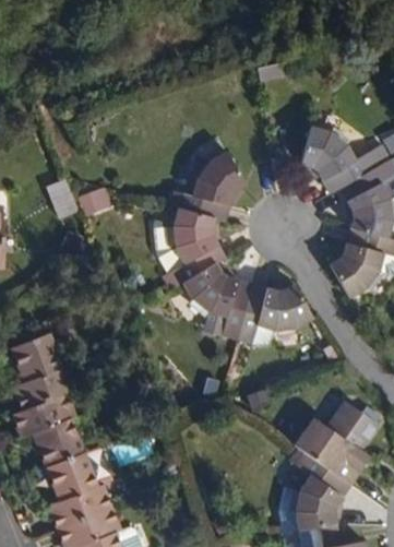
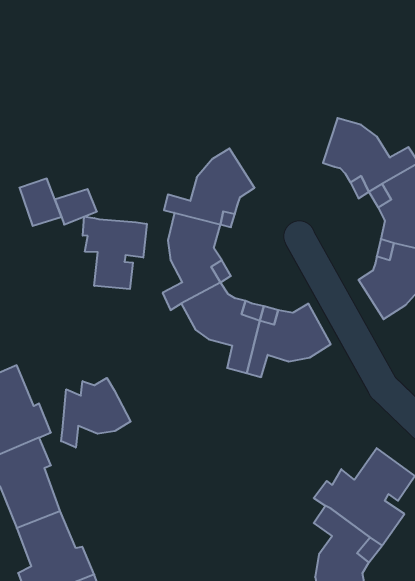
building: none -> [83,217,147,289]
building: none -> [61,378,131,448]

